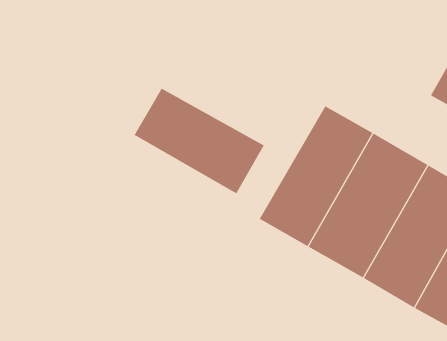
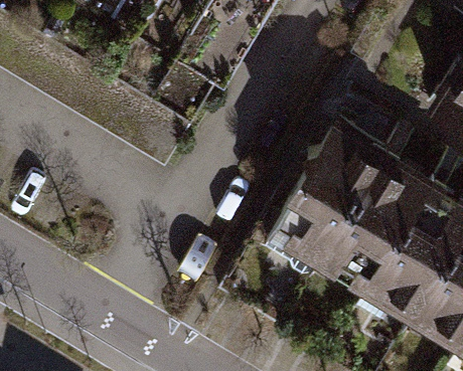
building: [134,88,264,194] -> none

